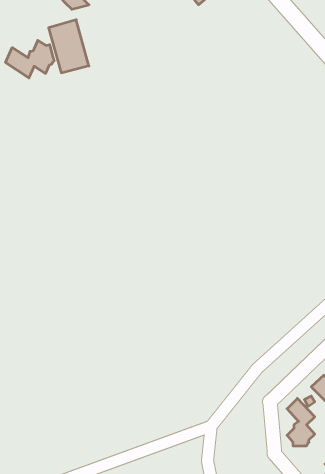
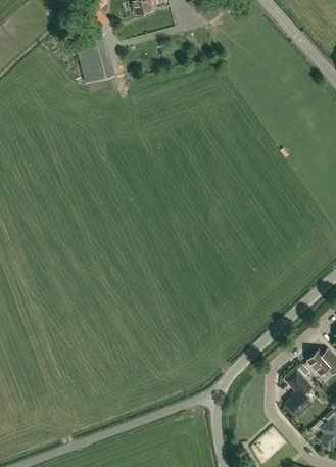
building: [6,40,54,78] -> none

